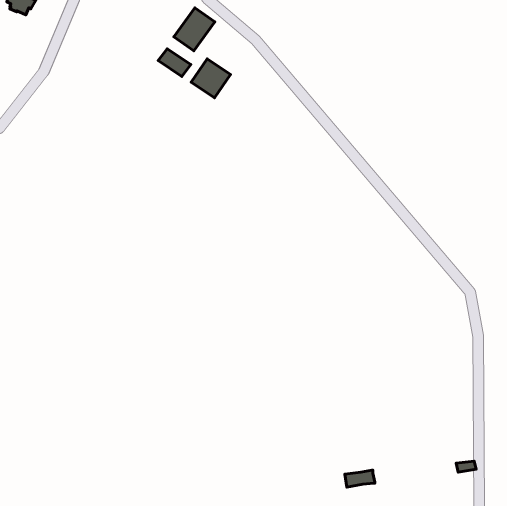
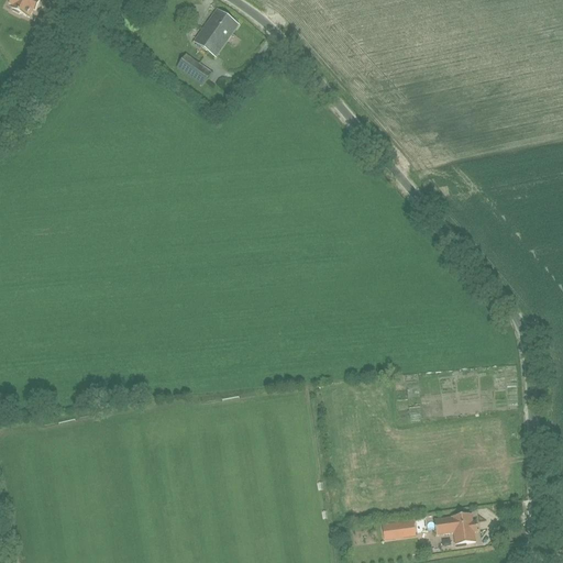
building: [191,59,231,98] -> none
building: none -> [433,512,476,544]

